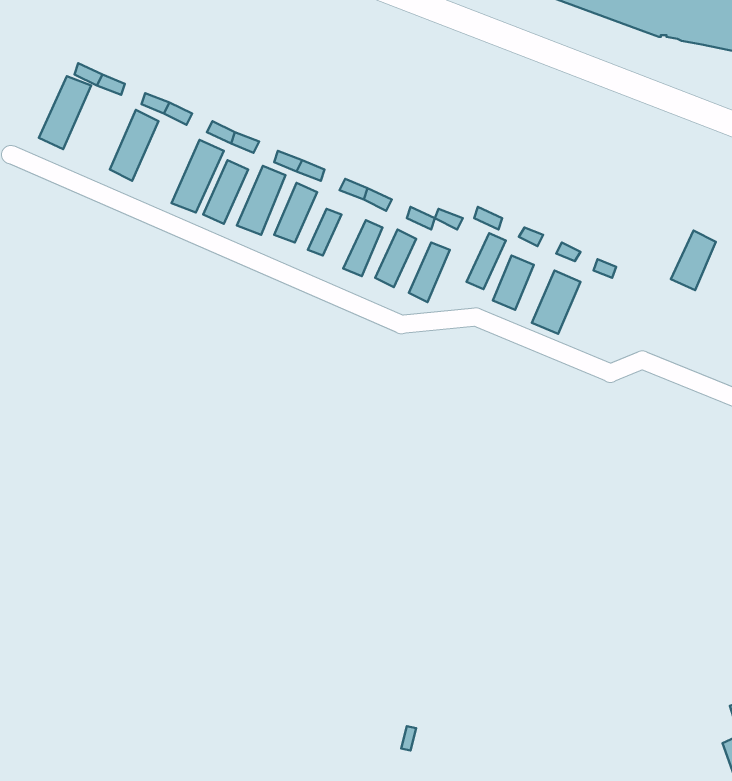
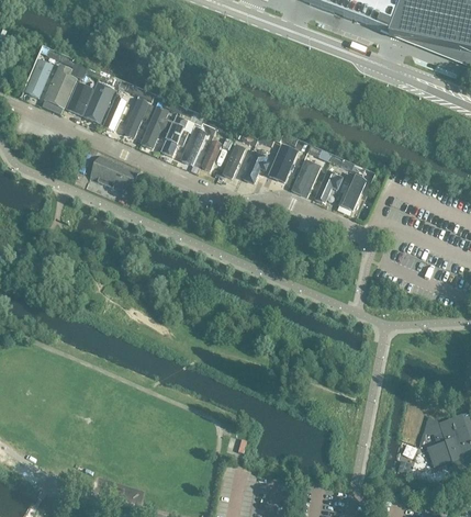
building: none -> [44,63,75,105]
building: none -> [85,80,113,122]
building: [671,231,716,290] -> [339,173,366,209]
building: none -> [90,153,138,191]

